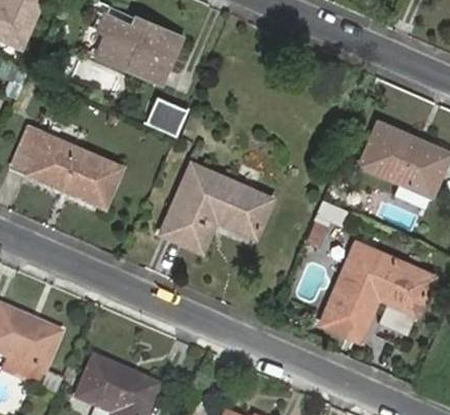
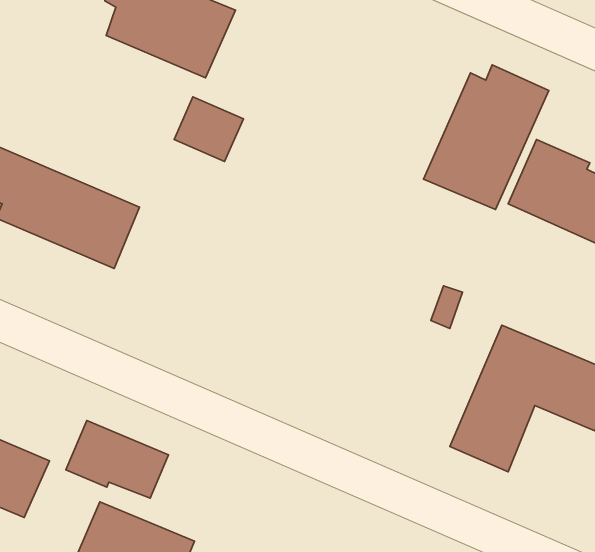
building: none -> [424,65,549,210]
building: [160,164,270,250] -> none
building: none -> [66,420,169,498]

